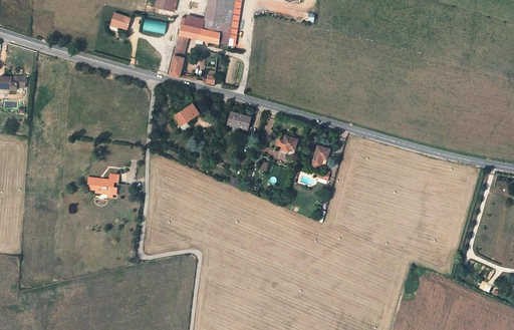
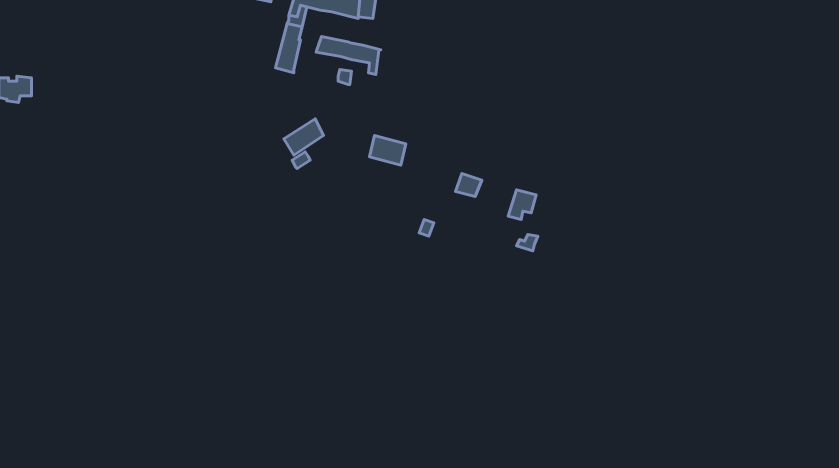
building: none -> [316,37,381,74]
building: [88,173,120,197] -> none

